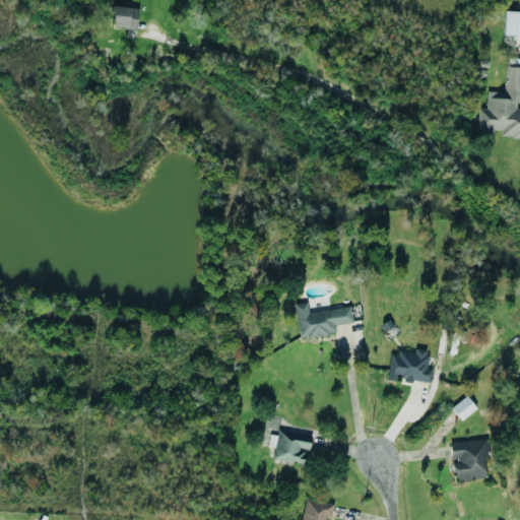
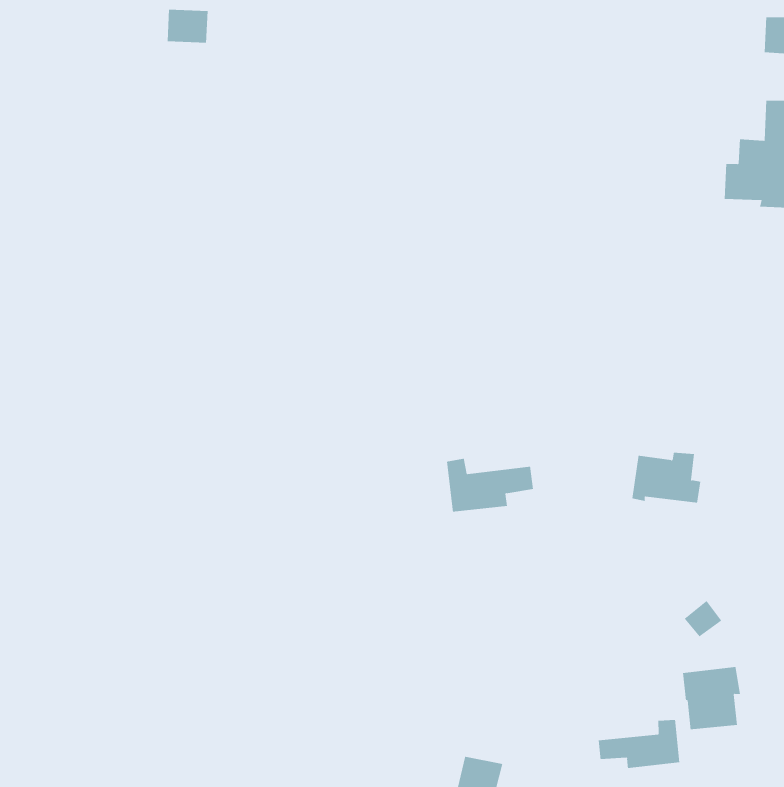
building: [389,349,435,383] -> [632,452,701,503]
building: [269,431,314,465] -> none
building: none -> [598,719,680,769]

